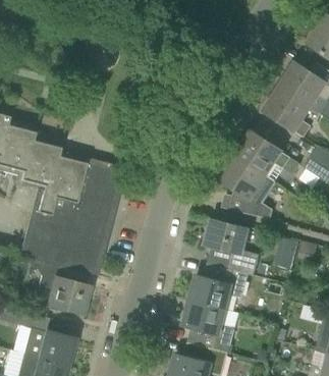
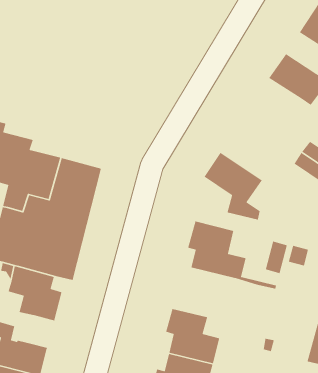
building: [264,88,311,138] -> none
building: [234,132,299,182] -> none
building: [189,264,249,310] -> none

